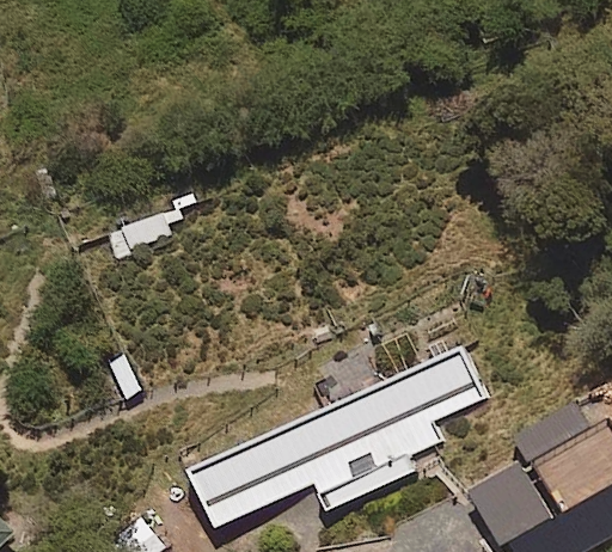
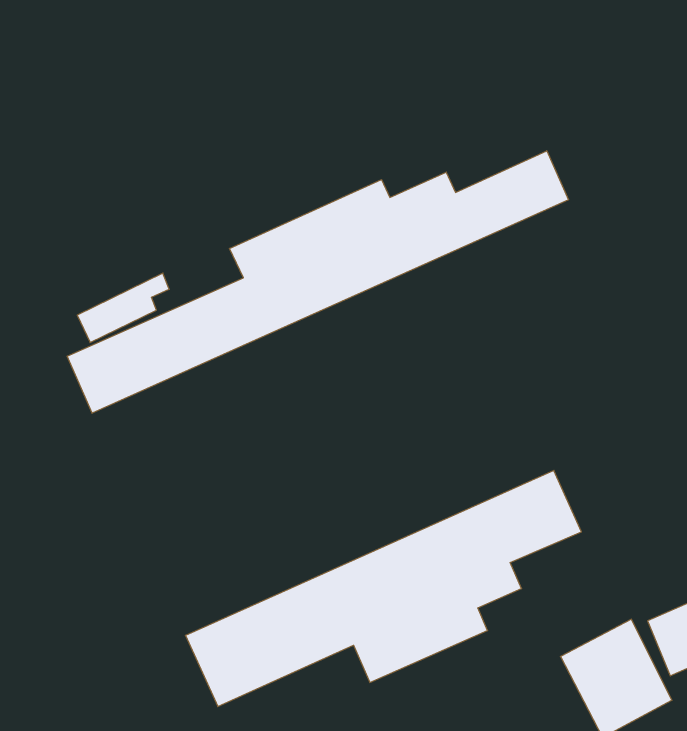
building: none -> [67,151,569,413]

